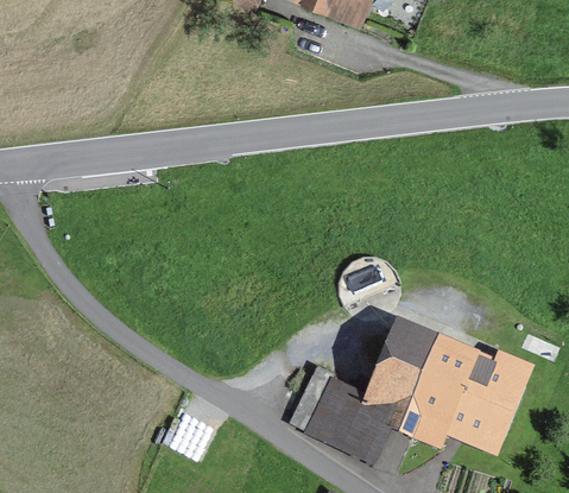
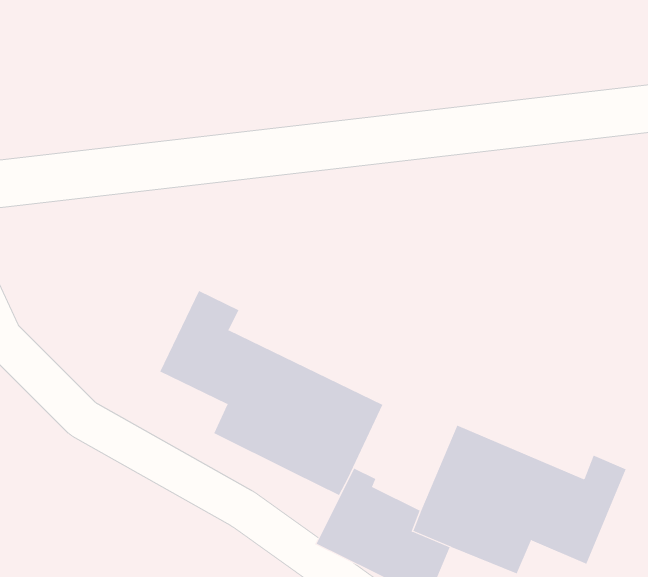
building: none -> [159,290,383,496]

